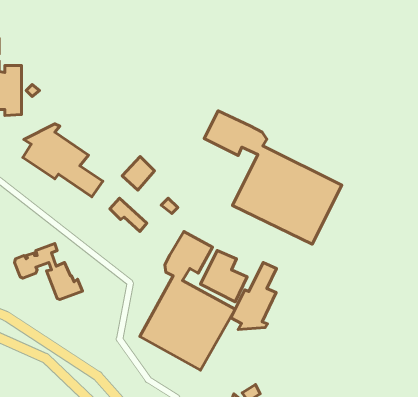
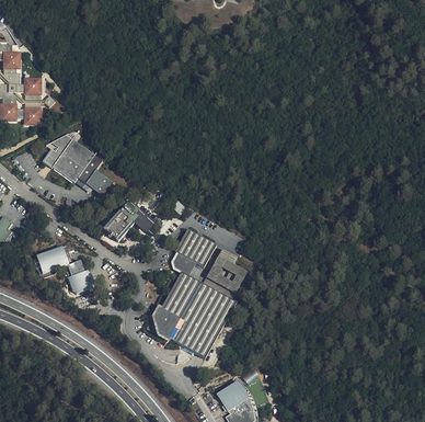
building: [204,111,342,244] -> none
building: [122,157,155,190] -> [103,210,133,241]
building: [231,262,276,330] -> none

